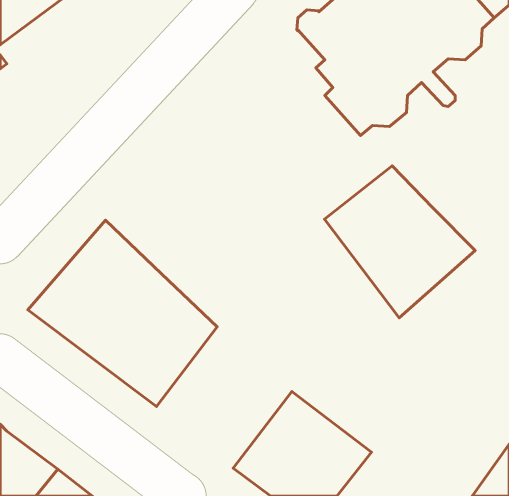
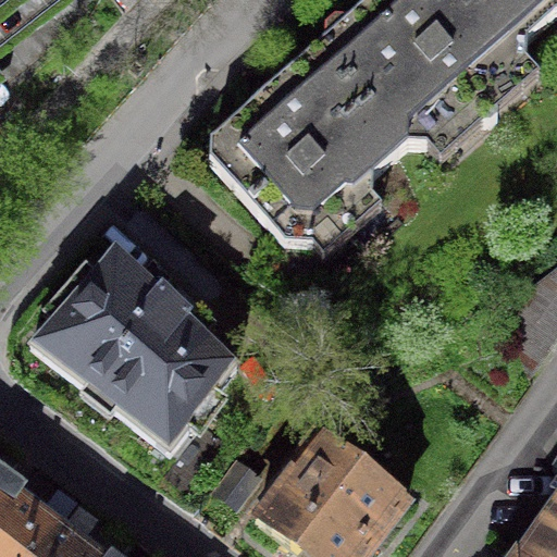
building: none -> [210,33,394,239]
building: [325,166,475,318] -> none

